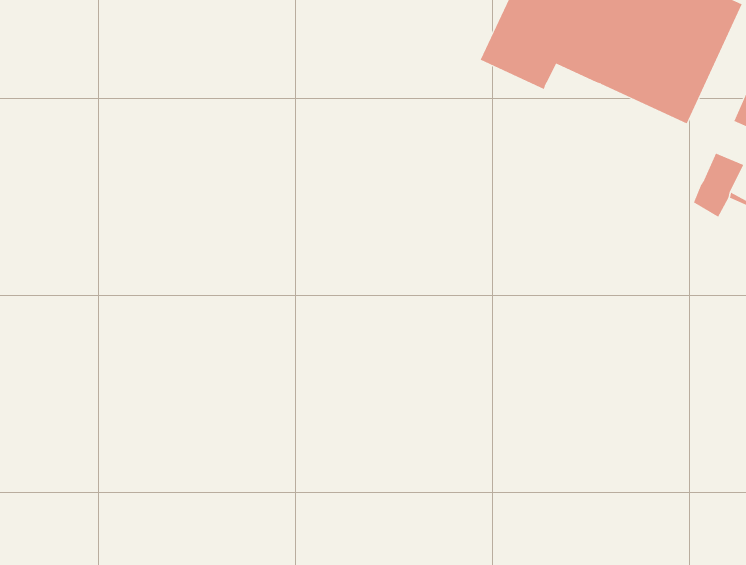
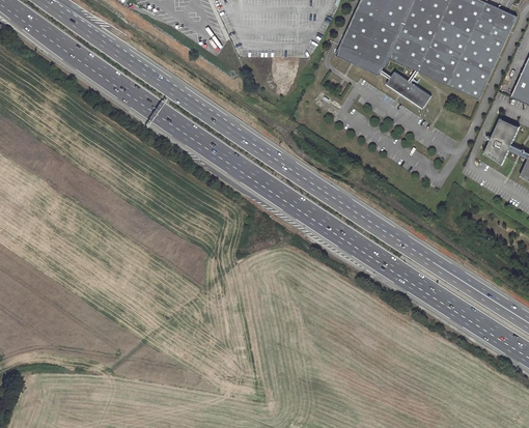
building: none -> [382,69,431,108]

